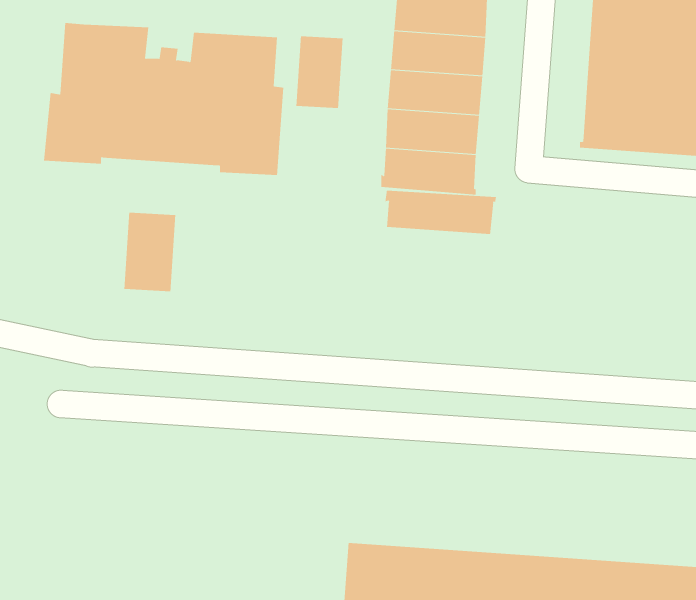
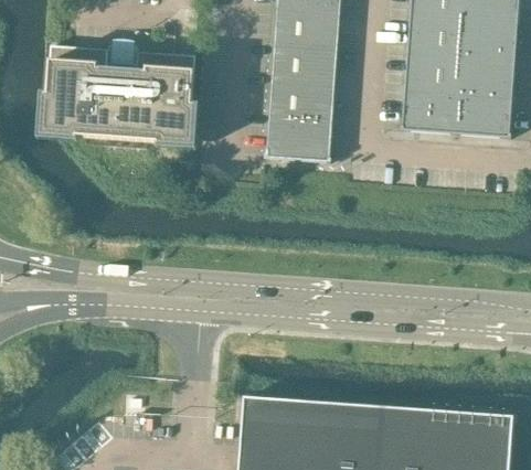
building: [296,36,343,109] -> none
building: [385,190,497,235] -> none
building: [124,212,176,292] -> none

